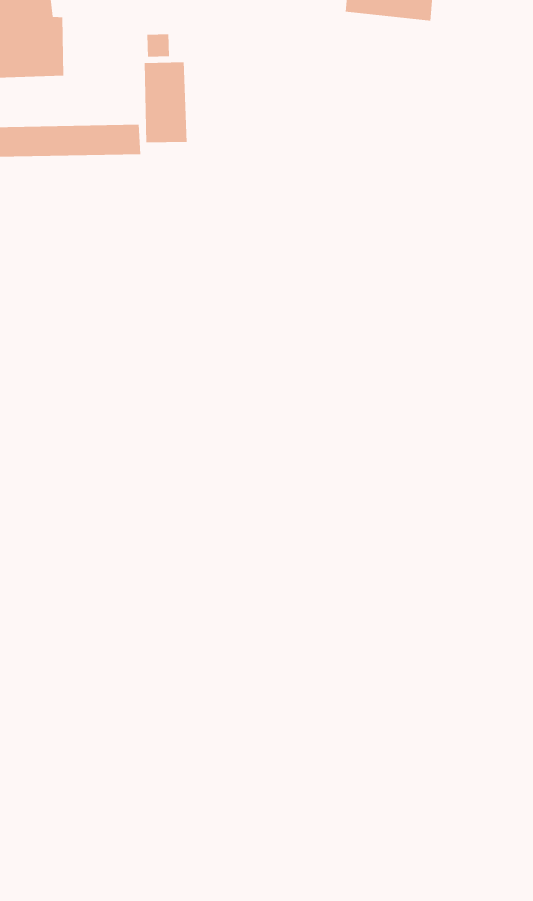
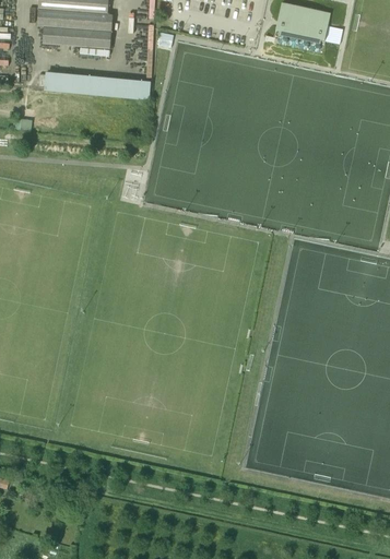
building: [144,62,187,143] -> none

